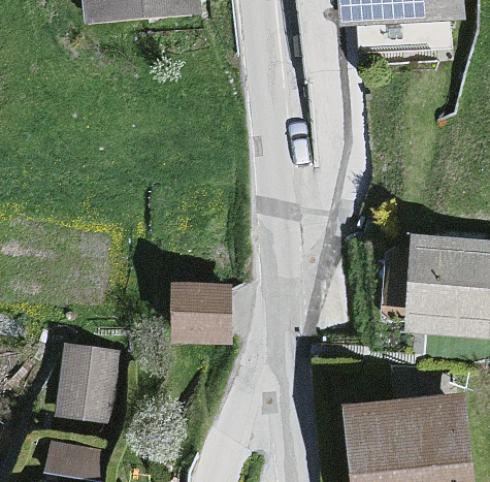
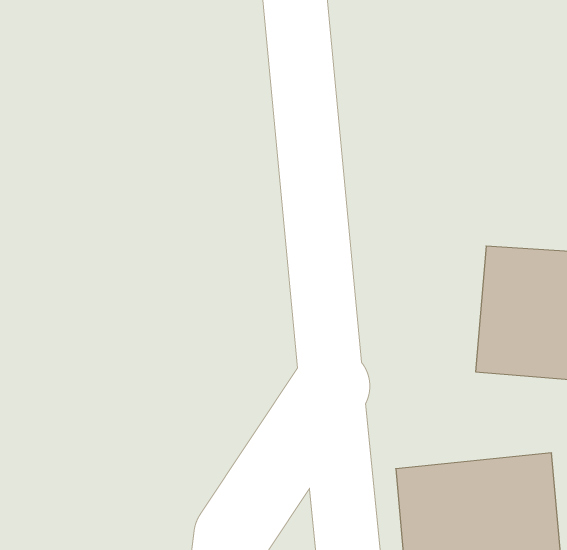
building: [169,281,232,341] -> none
building: [52,344,117,423] -> none

